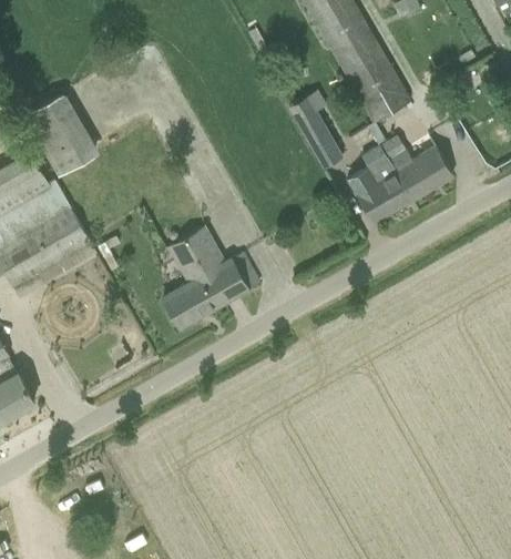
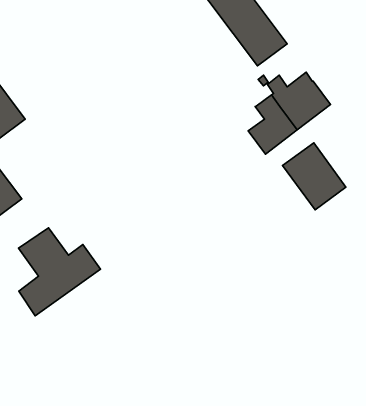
building: [295,112,340,169] -> none
building: none -> [282,143,346,210]
building: [162,230,257,327] -> [19,228,100,316]

